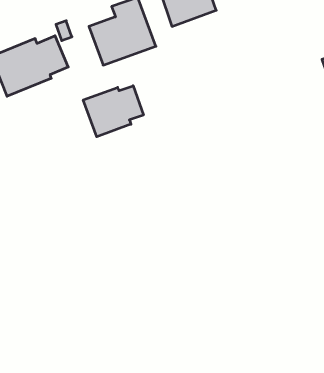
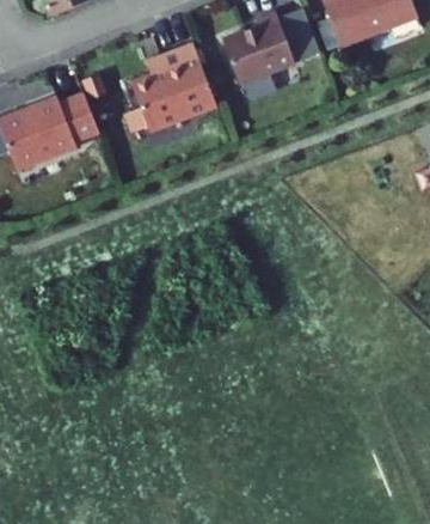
building: [83,86,143,137] -> none

